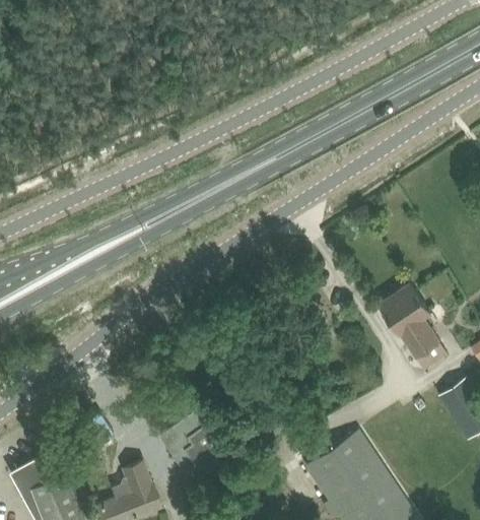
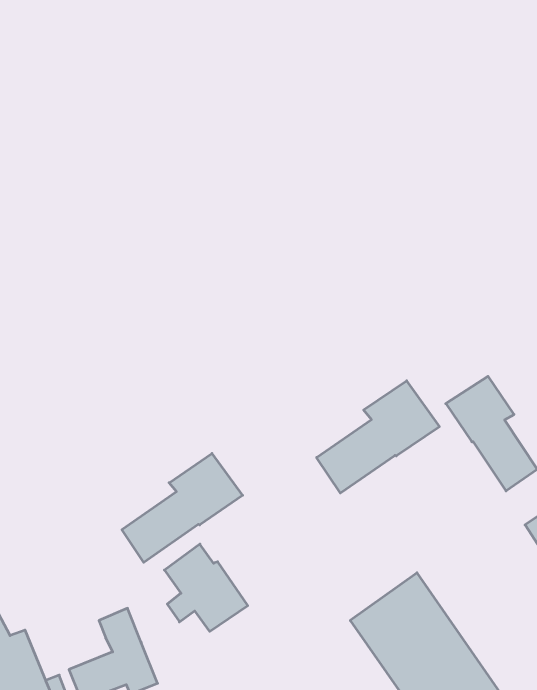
building: none -> [317,381,439,493]
building: none -> [122,453,243,562]

